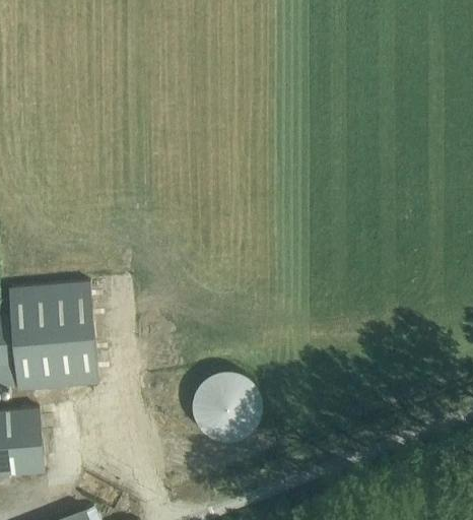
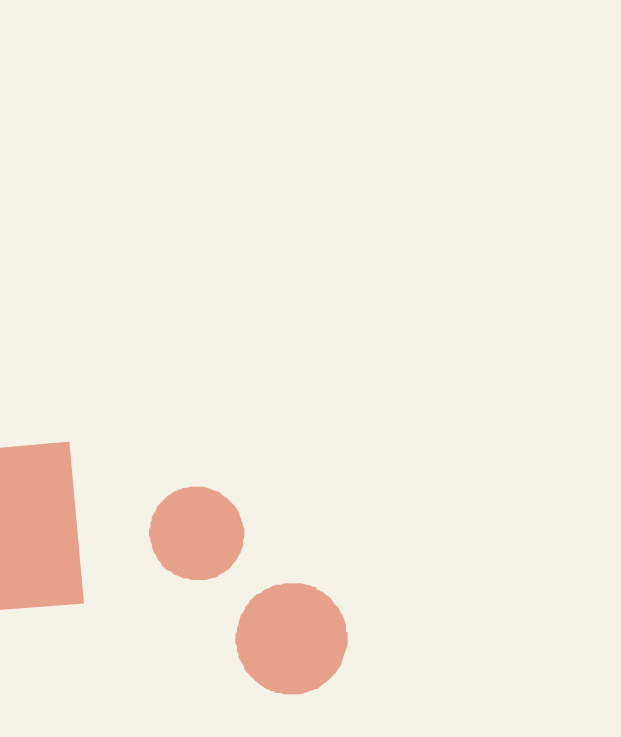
building: none -> [149,486,245,581]

